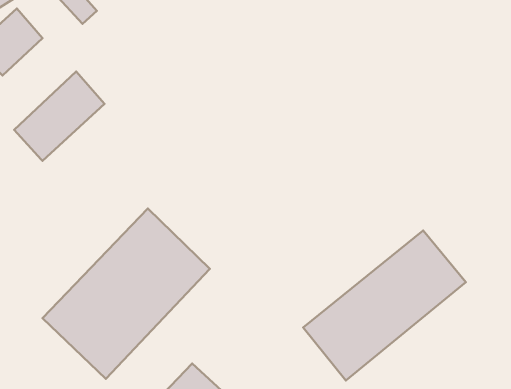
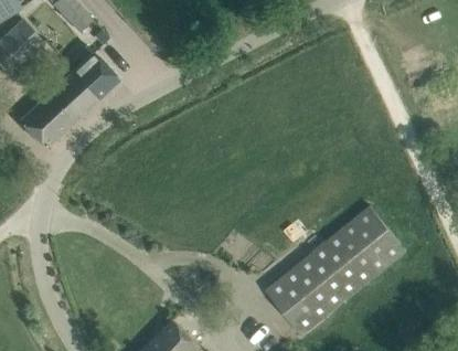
building: none -> [73,52,118,98]
building: [42,209,210,379] -> none

